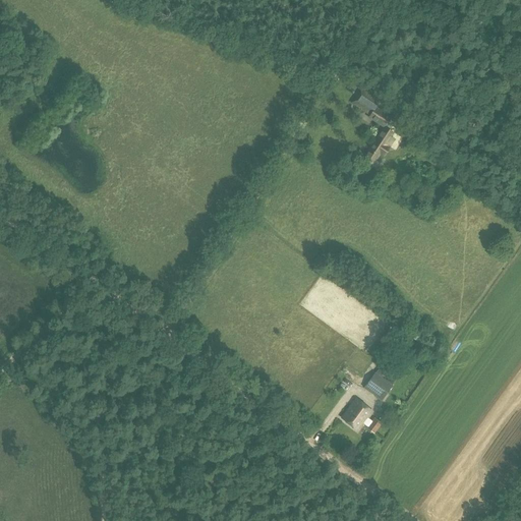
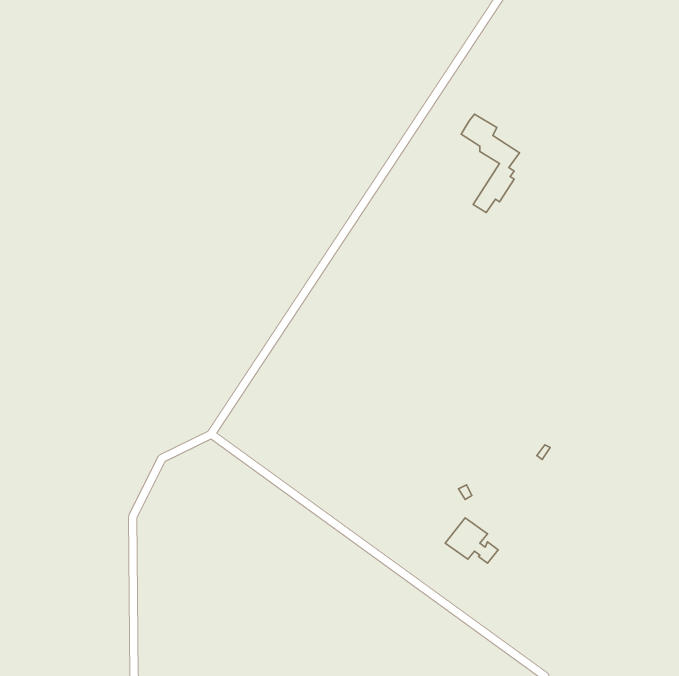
building: [364,364,393,399] -> none

